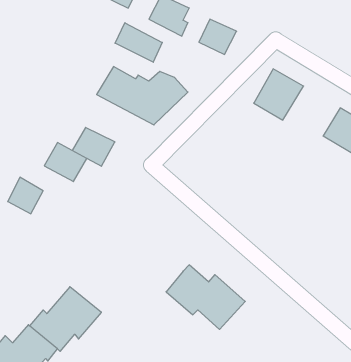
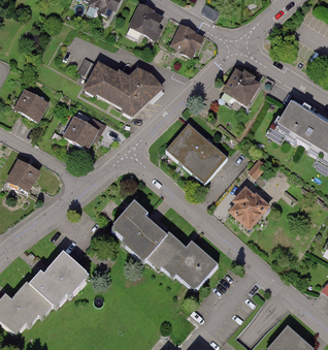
building: [115,23,162,62] -> none
building: none -> [163,122,227,184]
building: [44,143,87,182] -> [12,88,48,121]
building: none -> [221,188,263,229]
building: none -> [102,203,157,263]

